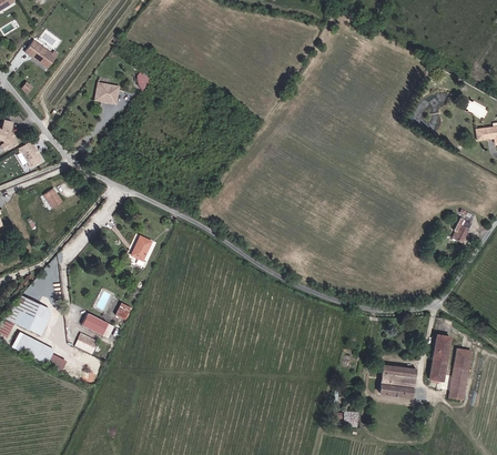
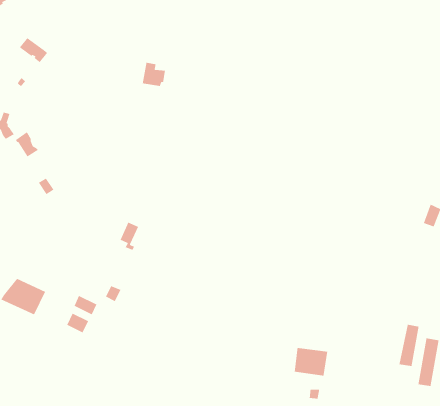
building: [93,78,119,104] -> [142,62,166,87]
building: [12,331,54,364] -> none
building: [379,365,416,396] -> [294,347,328,376]

